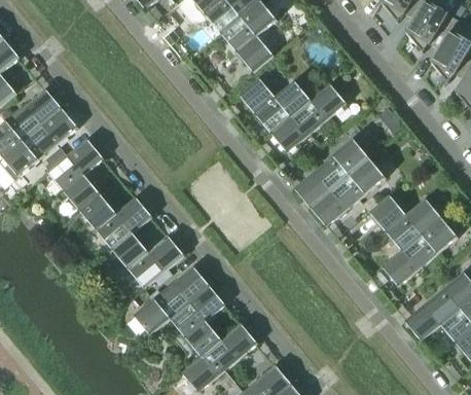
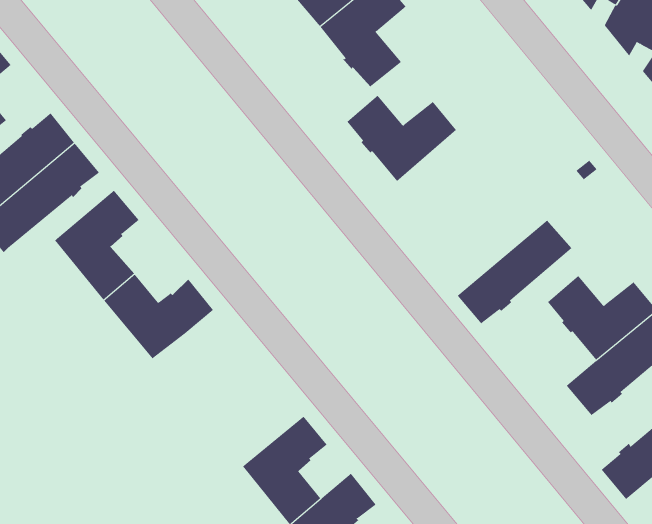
building: [270,82,346,152] -> none
building: [293,138,368,207] -> none
building: [111,231,184,287] -> none
building: [134,265,210,334] -> none

